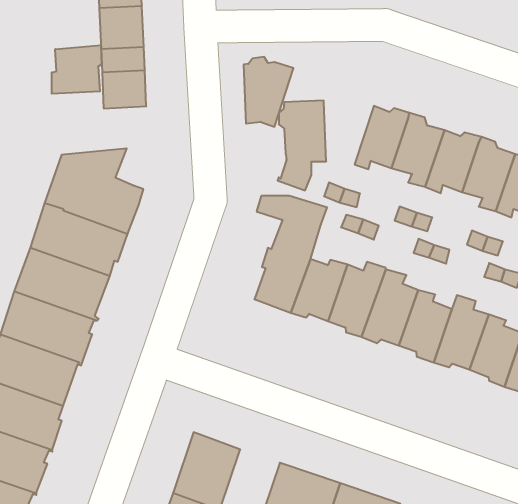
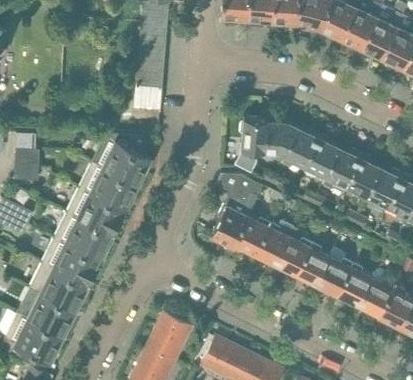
building: [52,45,101,94] -> none
building: [244,57,293,127] -> [265,118,298,161]

